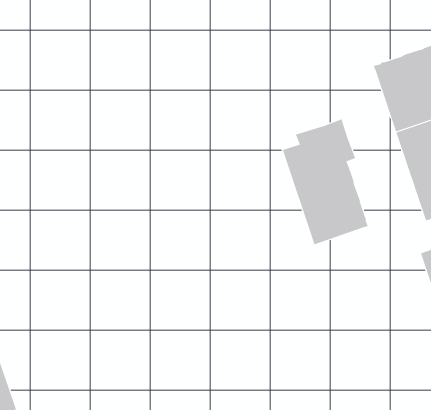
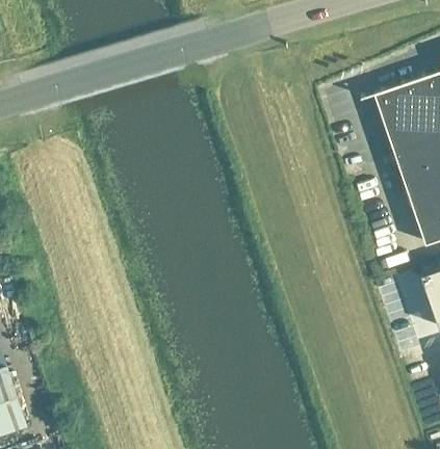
building: [282,119,368,245] -> none

